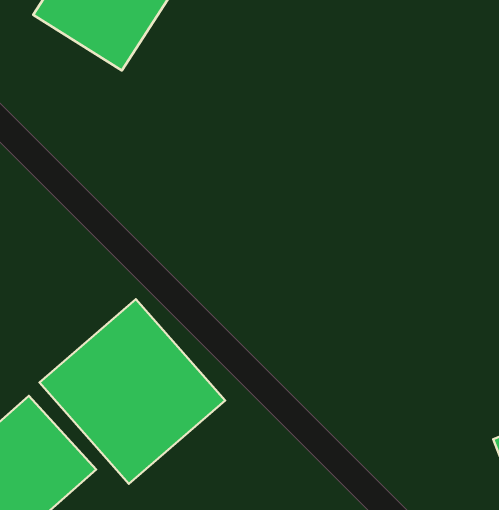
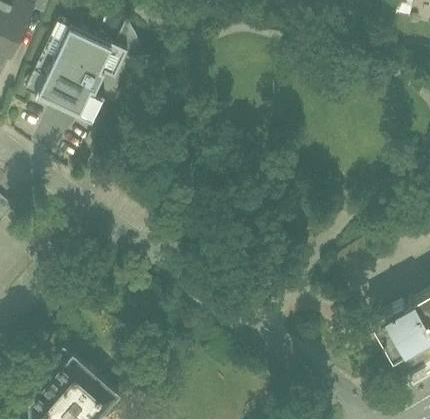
building: [39,299,225,484] -> none

